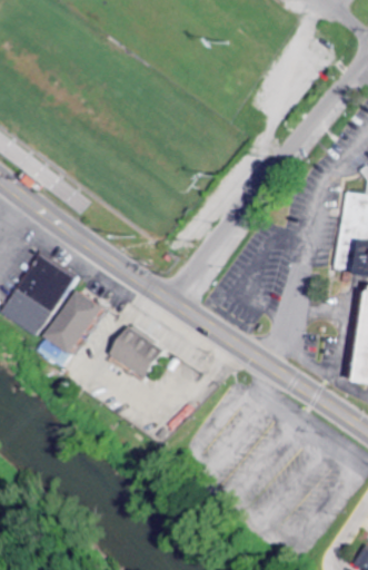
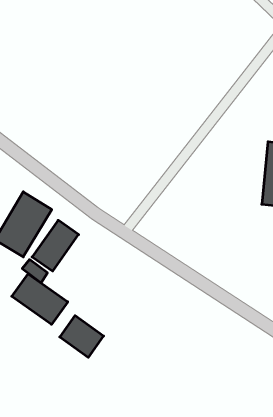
building: [110,327,165,380] -> [60,316,104,357]
building: none -> [12,274,68,324]

